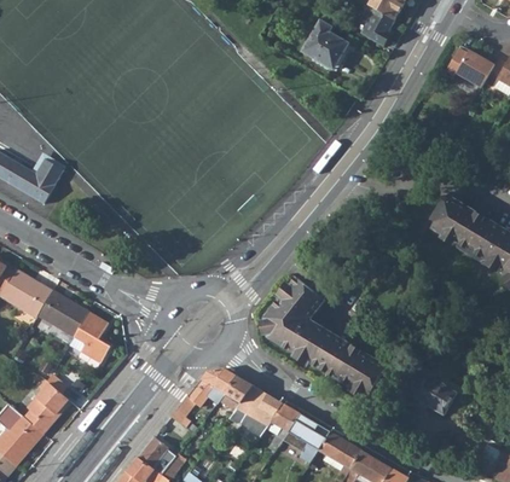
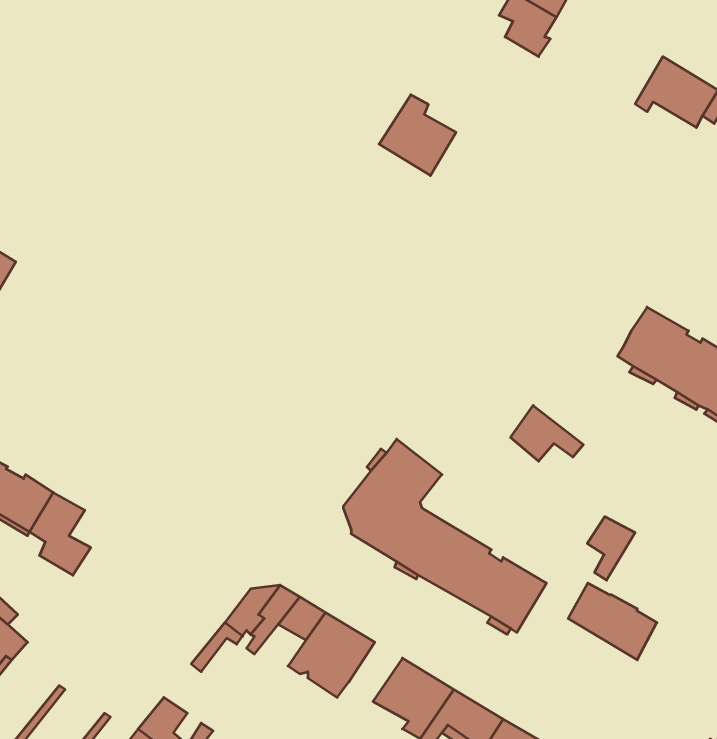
building: [301,21,348,70] -> [379,95,456,176]
building: none -> [511,405,583,461]
building: none -> [587,517,635,580]
building: [267,403,300,452] -> none

